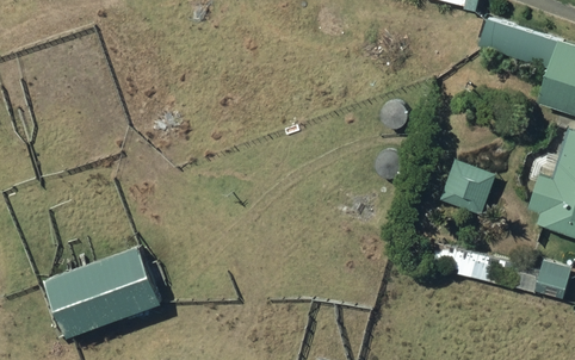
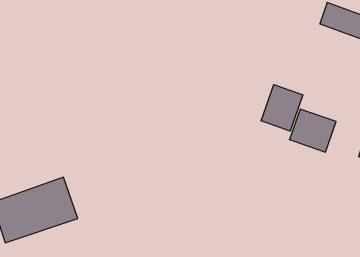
building: none -> [261,85,303,131]

